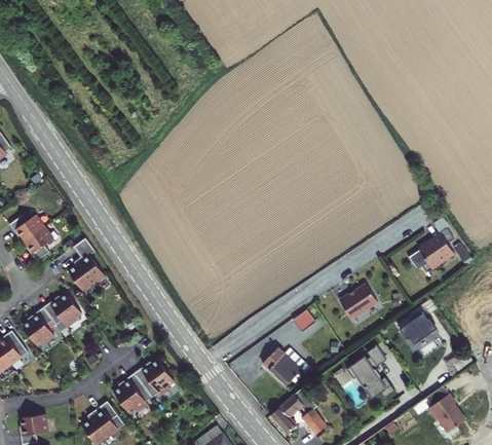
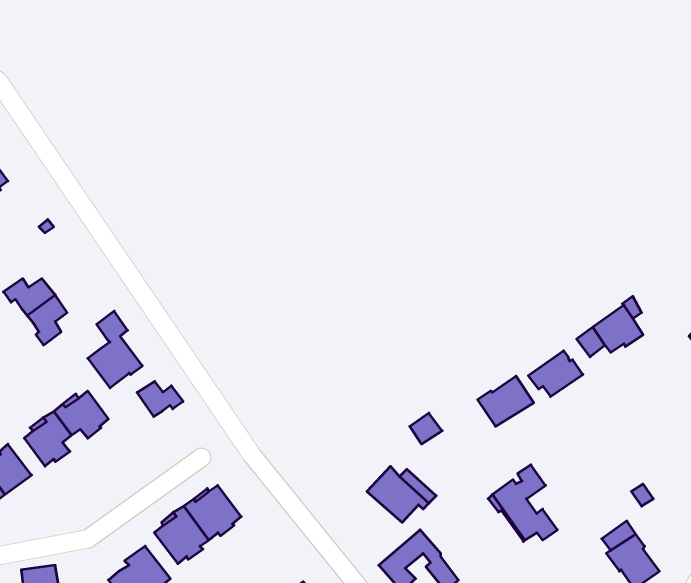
building: none -> [137,381,183,417]
building: [399,311,437,343] -> [528,351,583,397]

